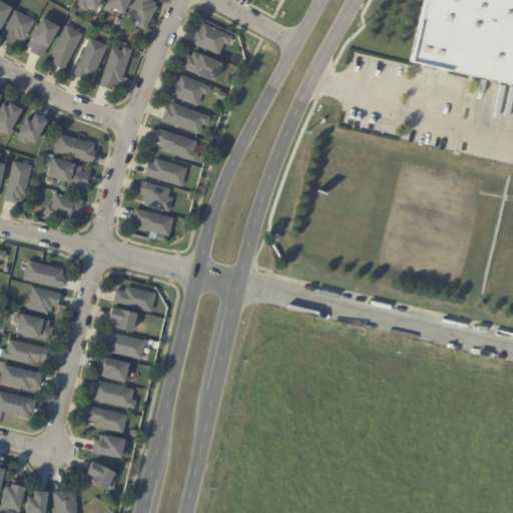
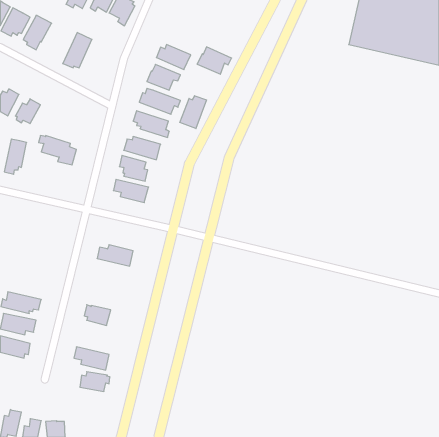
building: [192,23,232,55] -> [197,47,232,74]
building: [52,25,83,69] -> none
building: [100,46,132,90] -> none
building: none -> [180,96,207,129]
building: [55,134,96,163] -> none
building: [46,194,82,221] -> none
building: [24,262,65,290] -> none
building: [28,288,61,314] -> none
building: [109,307,136,331] -> none
building: [14,315,53,342] -> none
building: [104,331,145,358] -> none
building: [93,379,136,408] -> none
building: [87,460,116,488] -> none

